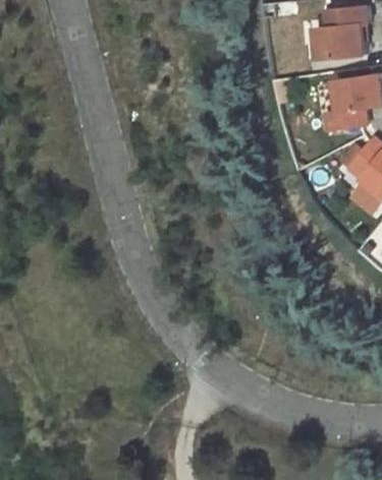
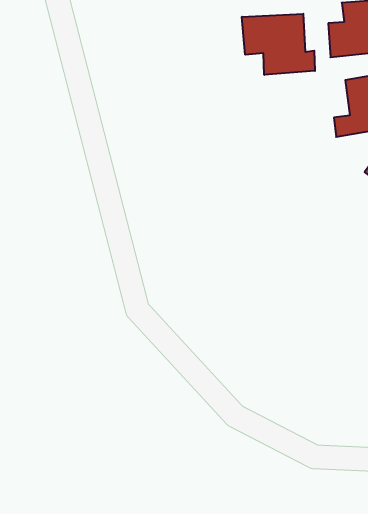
building: none -> [242,14,315,75]

